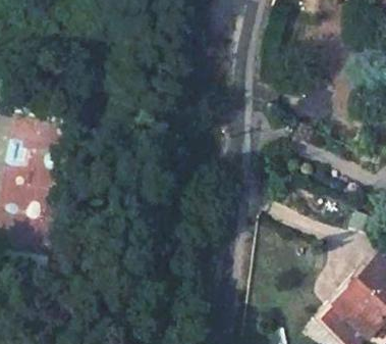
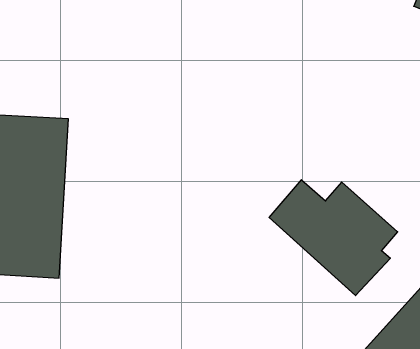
building: none -> [269,180,398,296]

